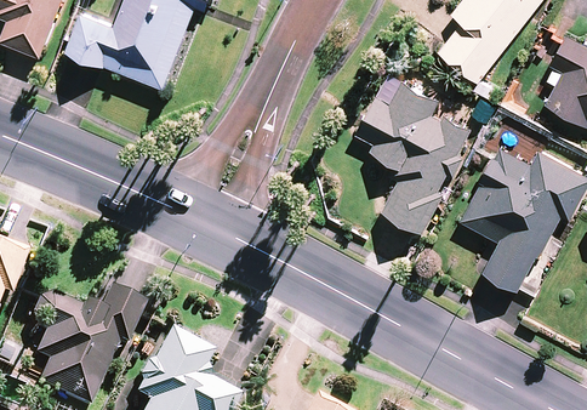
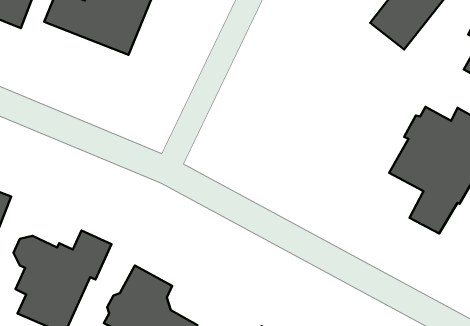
building: [355,81,472,235] -> none

